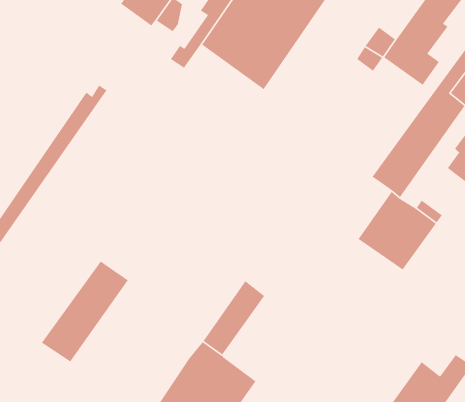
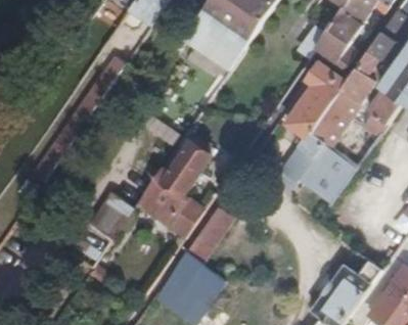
building: none -> [281,63,346,181]
building: none -> [141,136,215,231]

